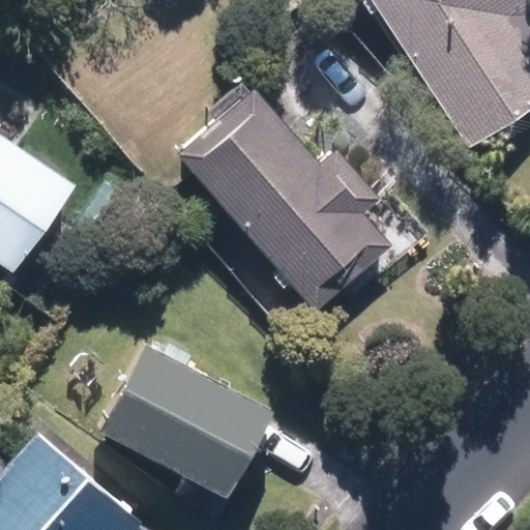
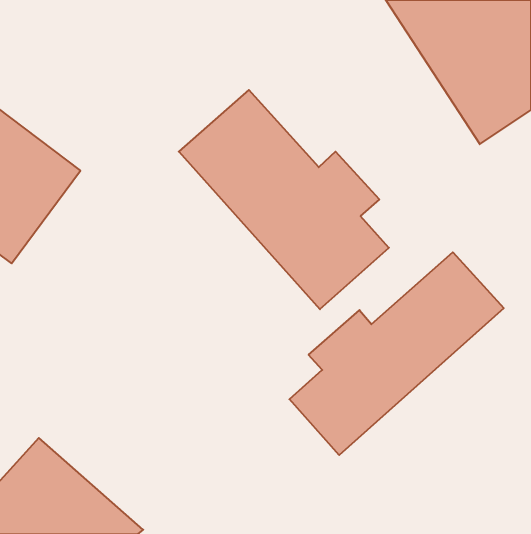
building: none -> [289,252,504,455]
building: [100,353,274,501] -> none

